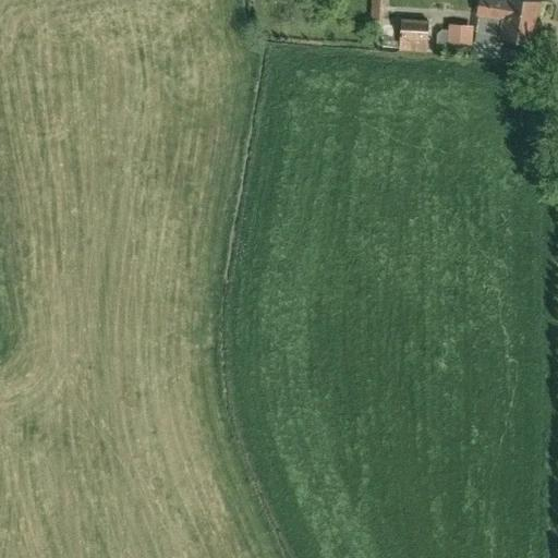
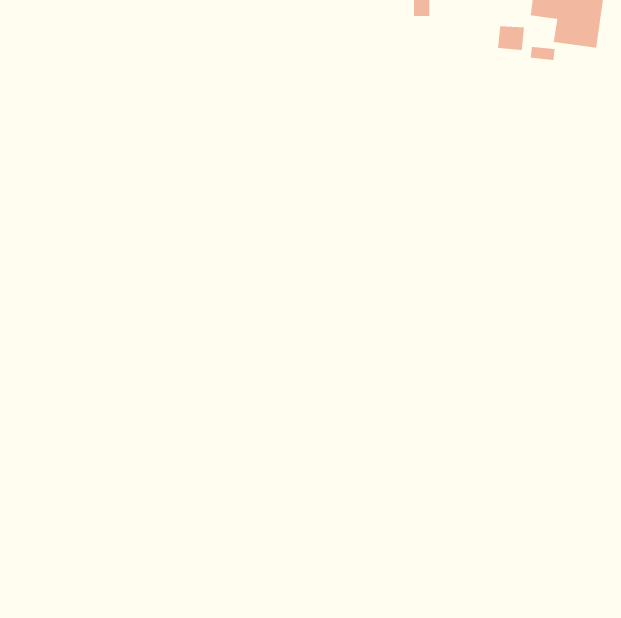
building: [398,19,429,49] -> none

